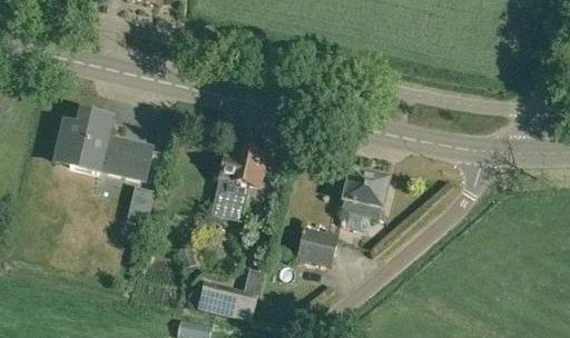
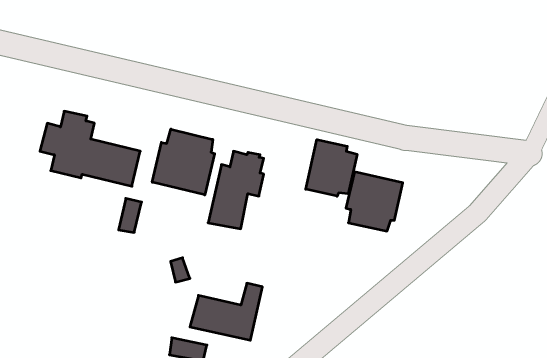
building: none -> [152,129,215,195]
building: none -> [306,140,357,196]
building: [296,228,337,265] -> none

